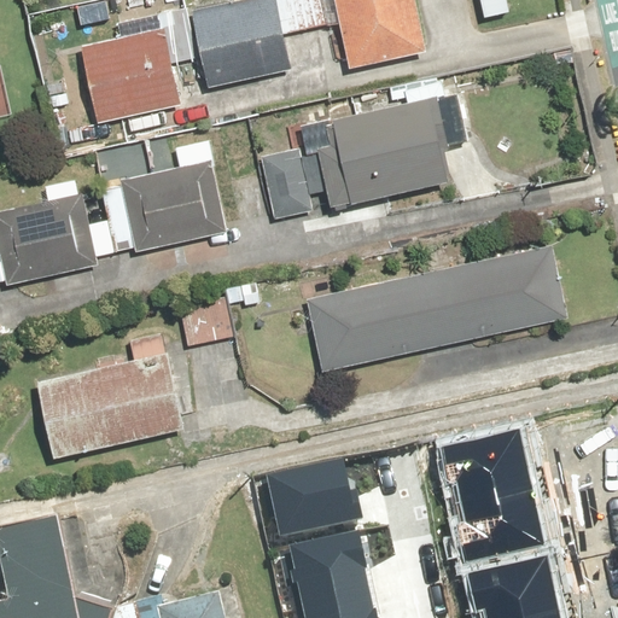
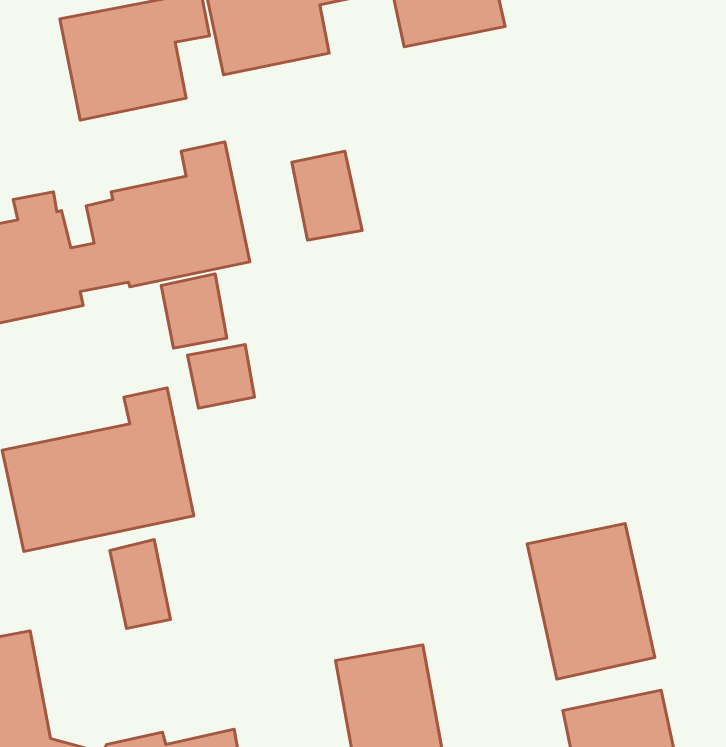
building: [332,99,444,196] -> none
building: none -> [161,274,227,348]
building: [305,249,566,371] -> none
building: none -> [110,539,170,629]
building: [267,457,363,534] -> none

